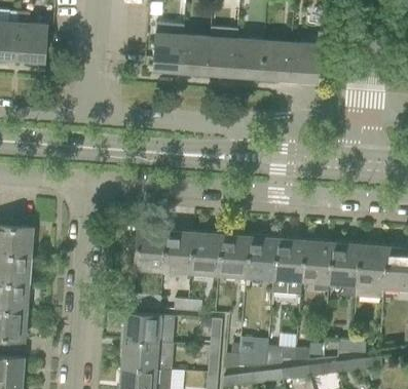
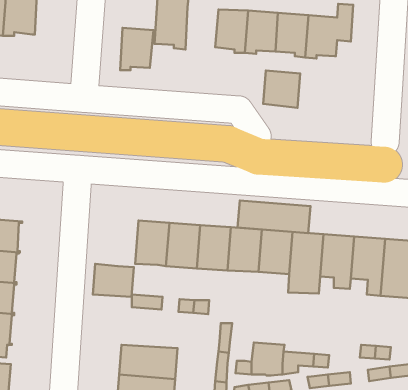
building: [180,36,210,74] -> [120,28,153,70]
building: none -> [263,71,300,108]
building: none -> [238,201,310,233]
building: [122,312,159,342] -> [93,264,134,297]

